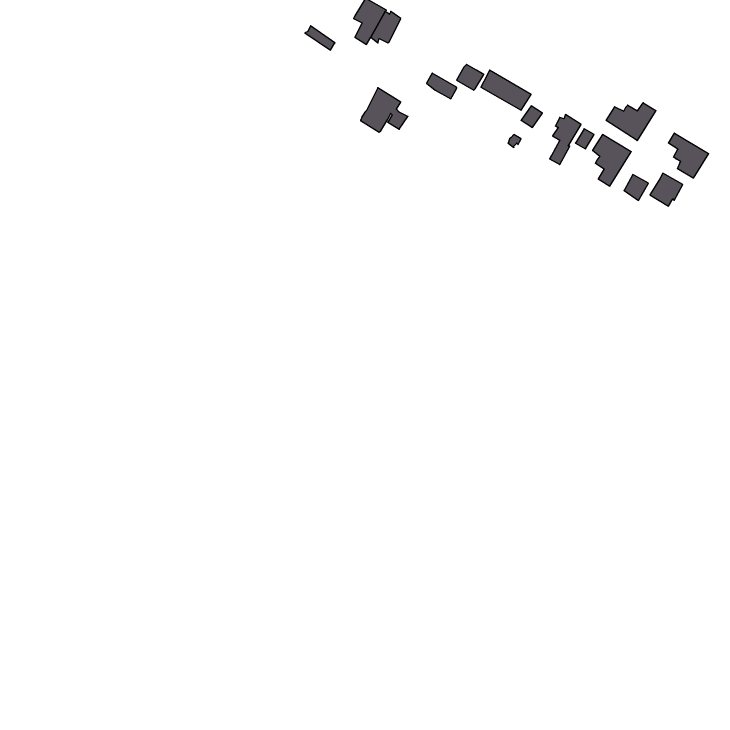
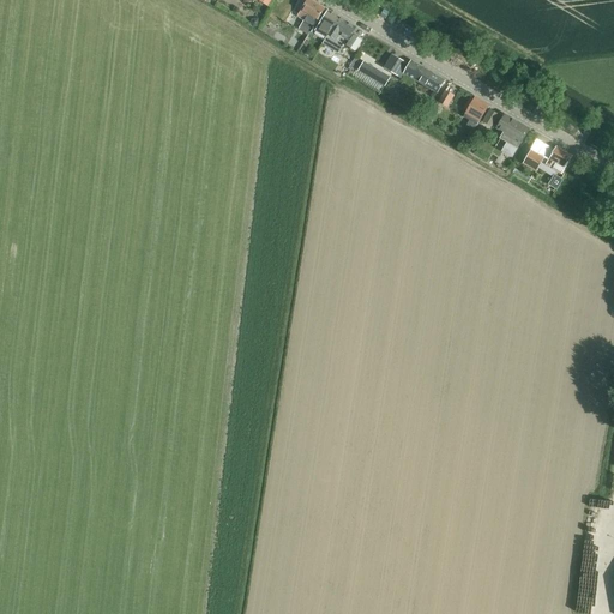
building: [361,88,408,132] -> [321,16,361,53]
building: [606,103,656,141] -> none
building: [668,133,709,178] -> none

